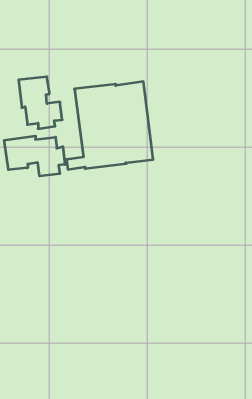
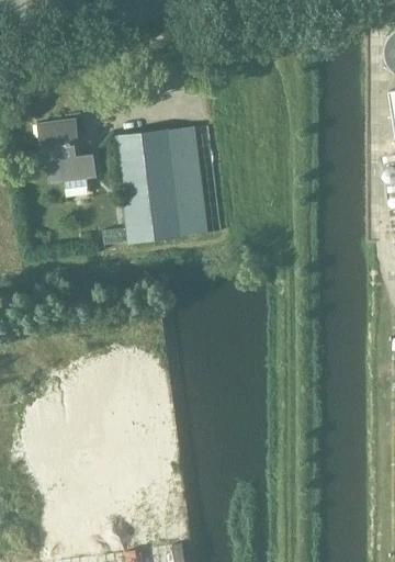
building: [4,136,65,176] -> none

